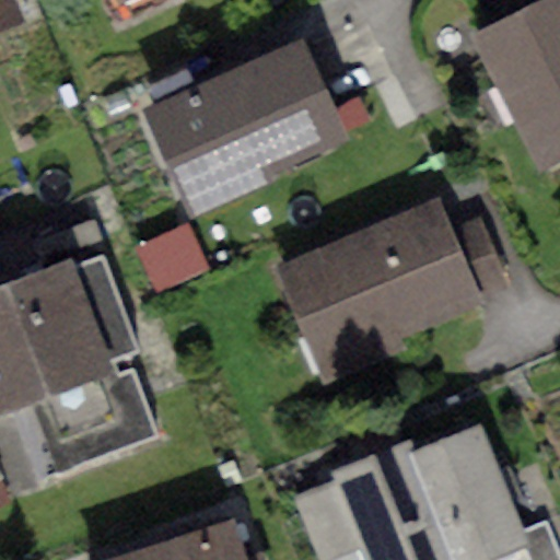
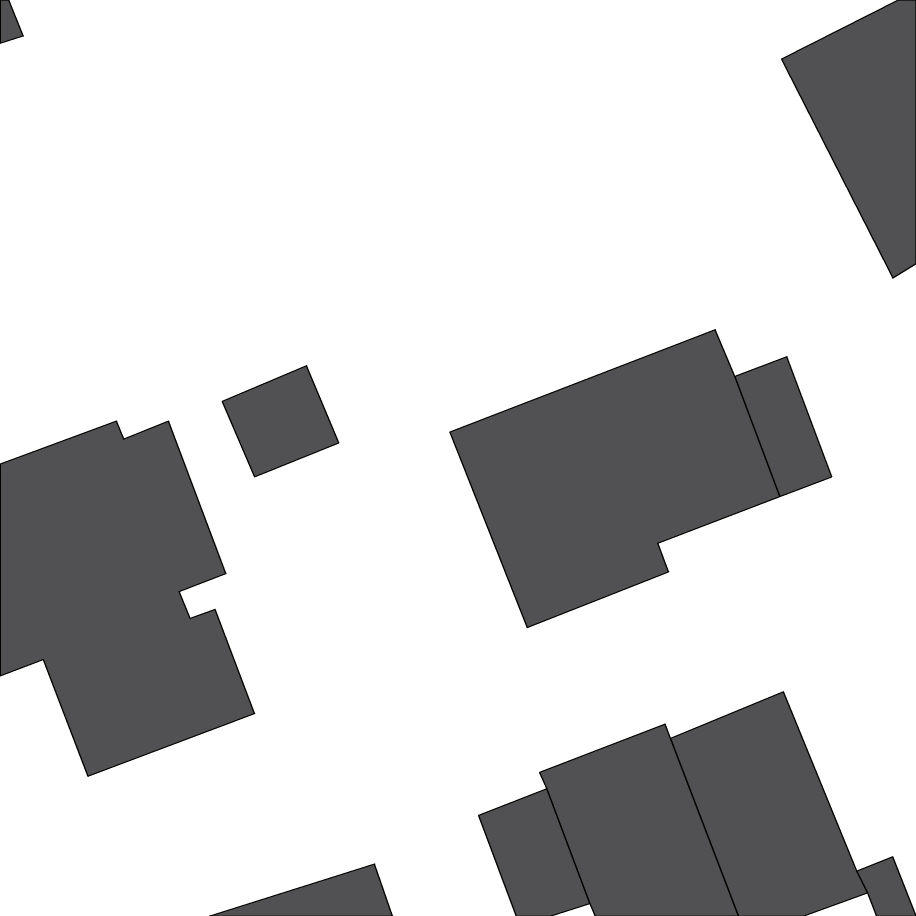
building: [144,36,351,209] -> none

